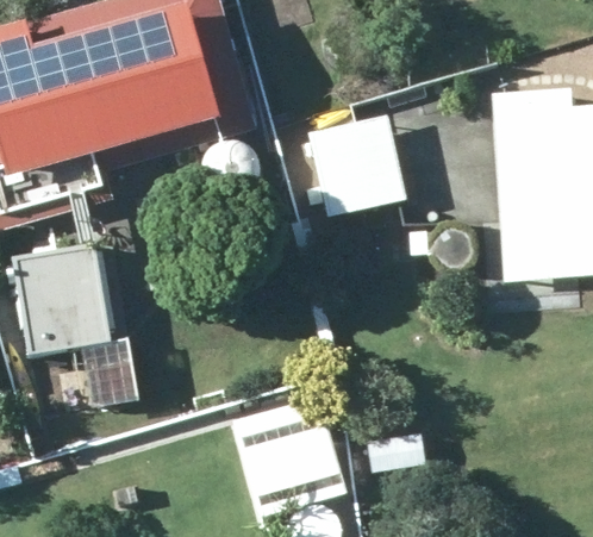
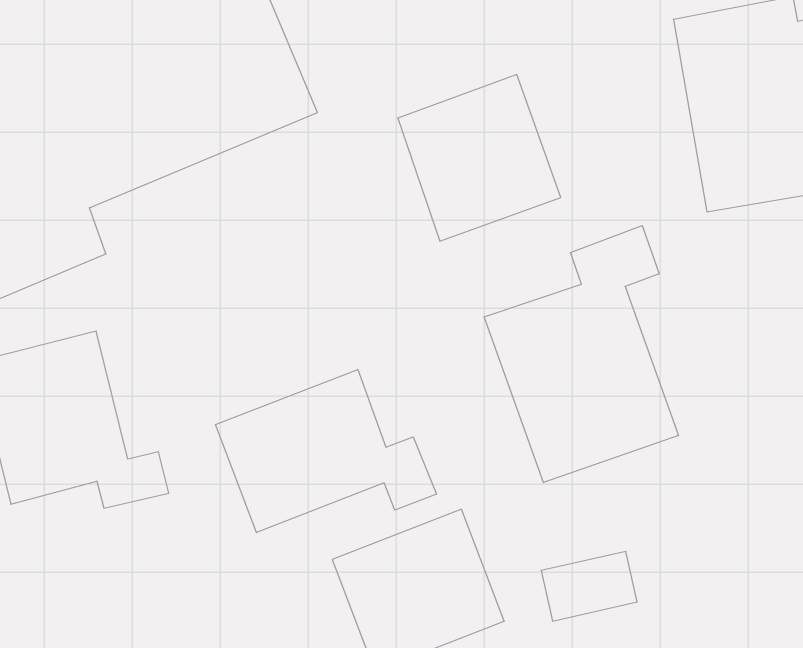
building: none -> [484,226,678,483]
building: none -> [216,369,436,533]

